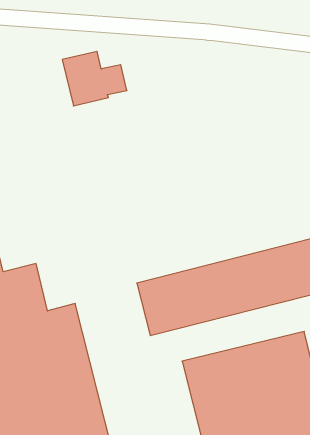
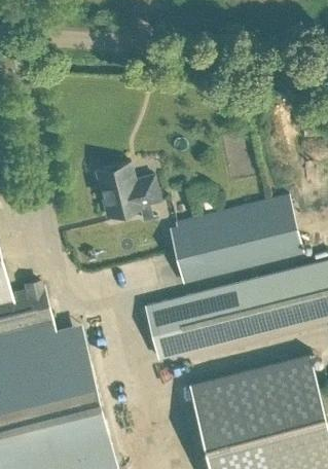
building: [62,51,127,106] -> [96,164,160,218]
building: none -> [171,196,304,285]

